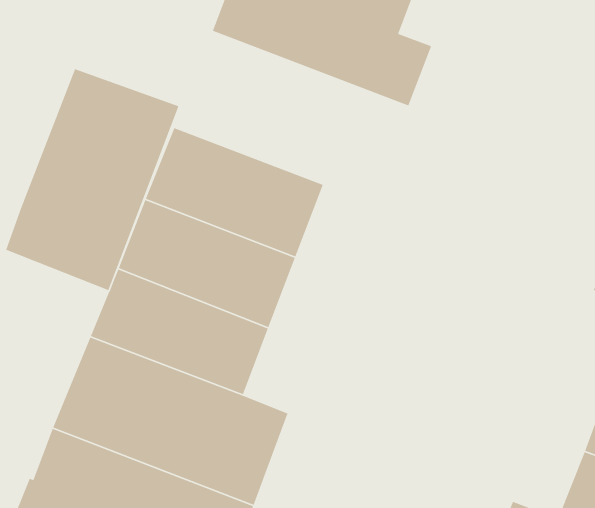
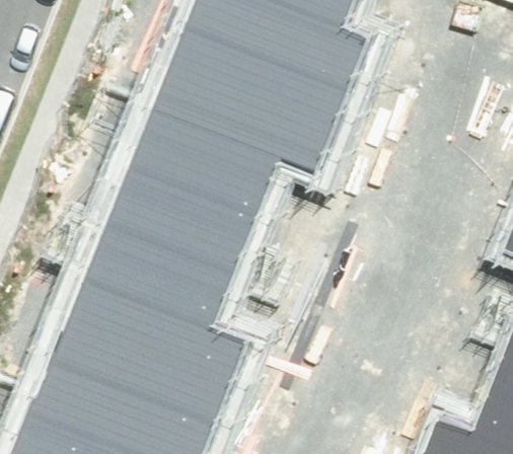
building: none -> [156,27,352,170]
building: [5,68,179,291] -> none

